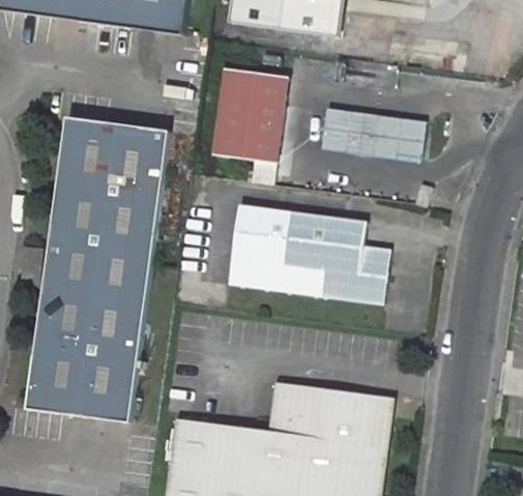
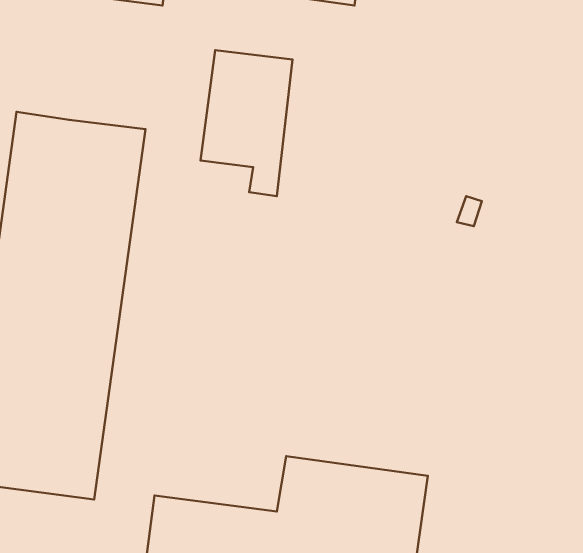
building: [320,114,422,156] -> none
building: [229,203,390,302] -> none

